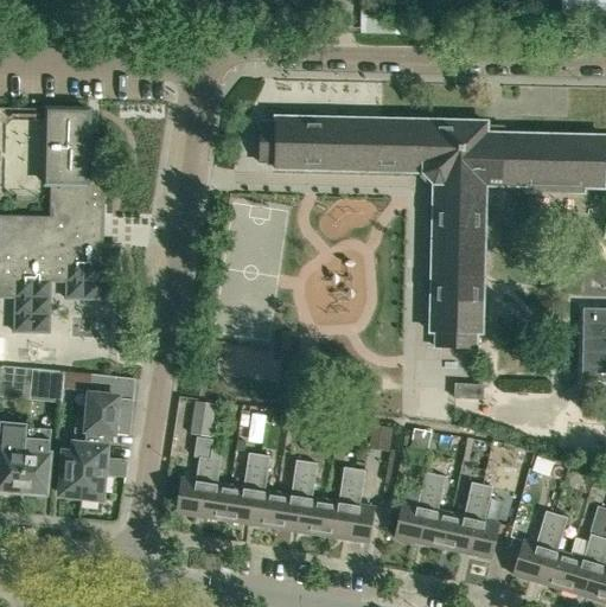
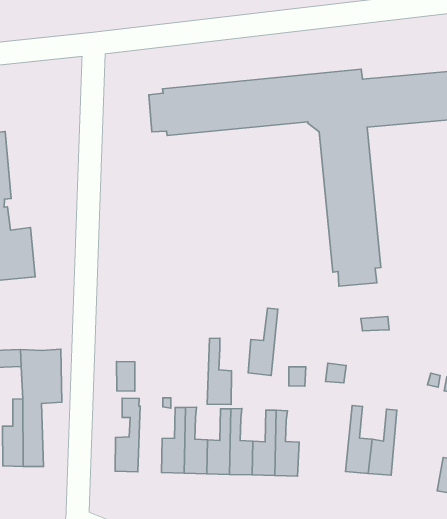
building: [200,447,230,519] -> [207,338,232,405]
building: [395,471,434,542] -> [248,308,278,376]
building: [466,484,498,557] -> none

